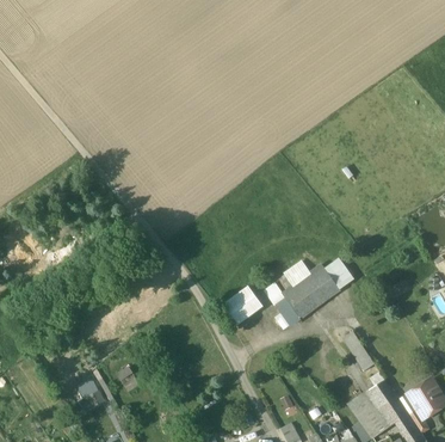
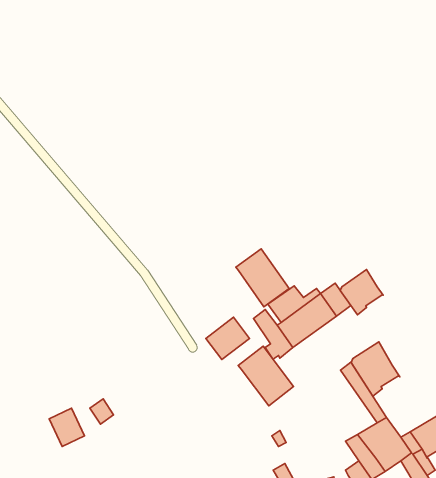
building: none -> [236,249,289,307]
building: none -> [340,270,383,315]
building: none -> [351,342,400,396]
building: none -> [238,346,294,406]

